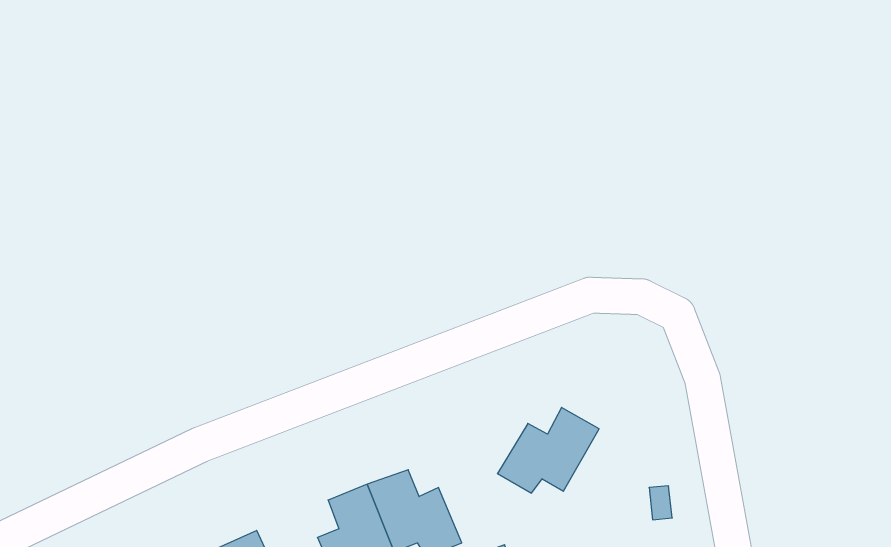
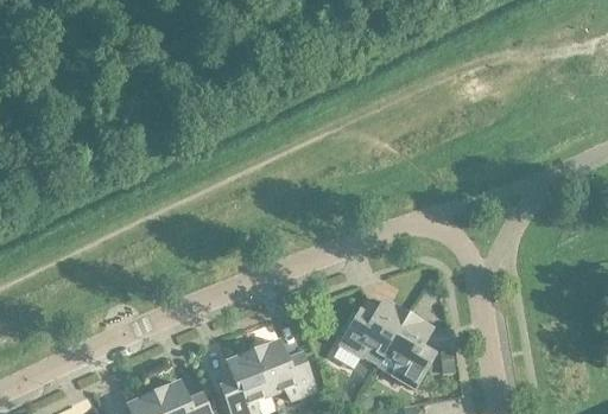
building: none -> [382,313,433,387]

